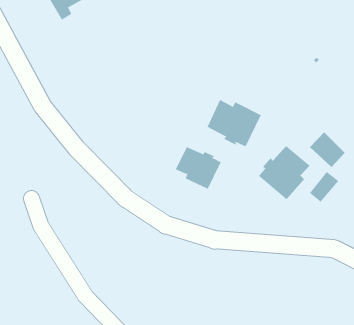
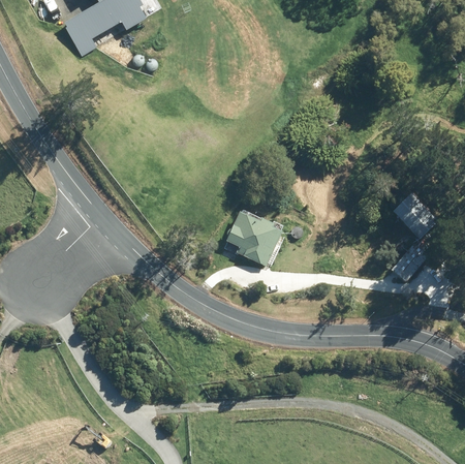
building: [207,99,262,147] -> none
building: [258,145,310,200] -> none

